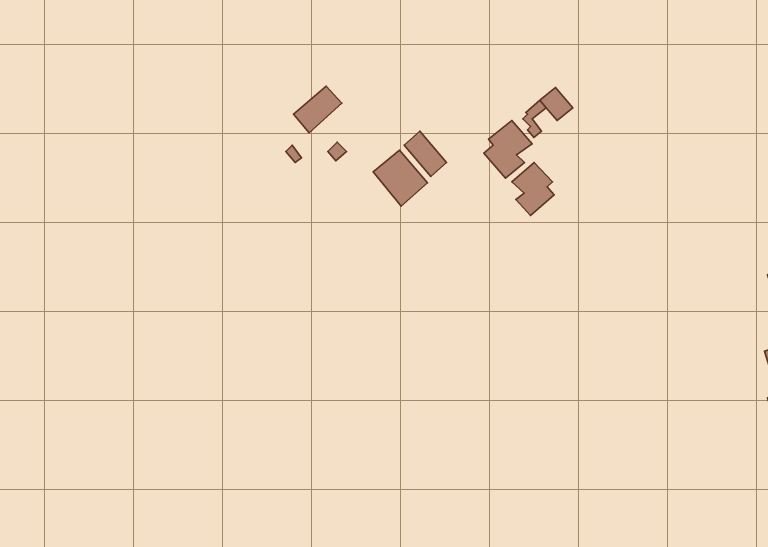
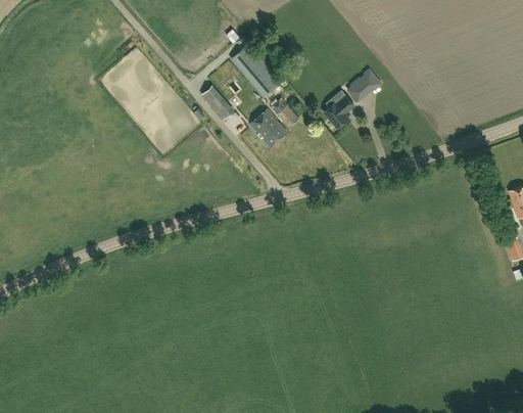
building: none -> [233,45,281,96]
building: [512,163,554,215] -> none

